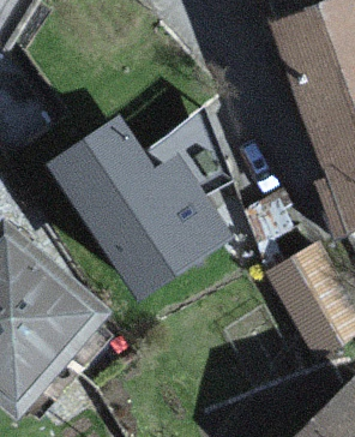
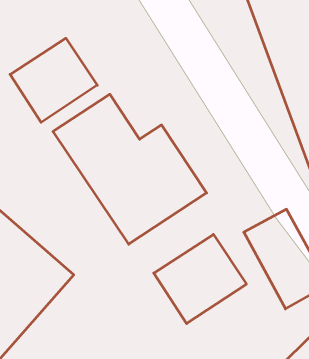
building: none -> [10,38,97,122]
building: none -> [154,234,246,324]

